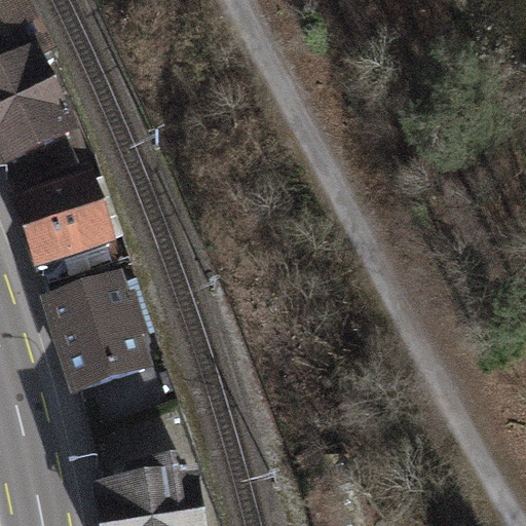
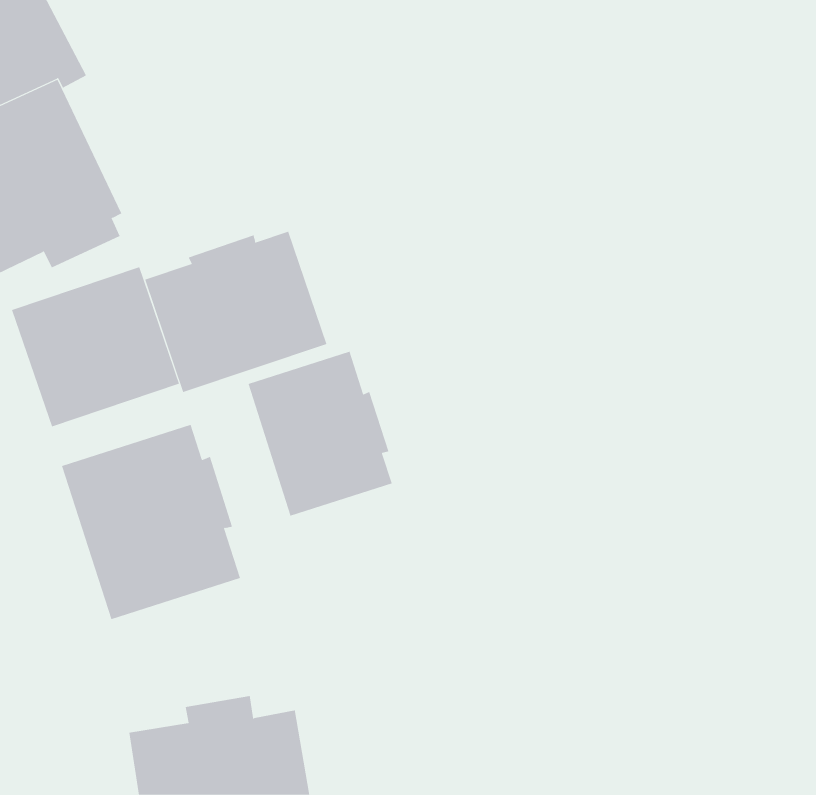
building: none -> [145,231,327,393]
building: none -> [248,351,392,517]

